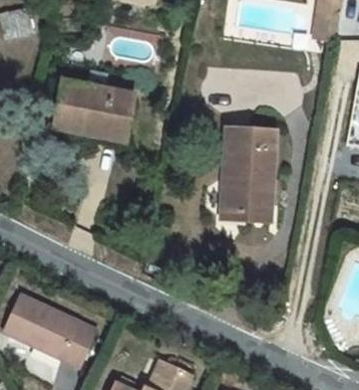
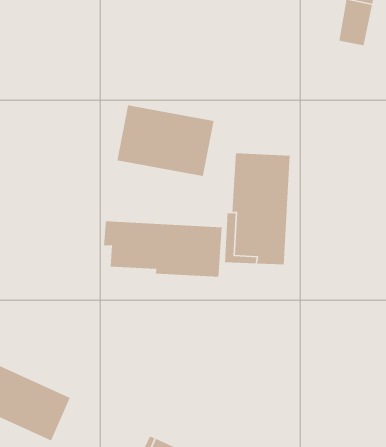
building: [53,80,133,140] -> [117,104,215,177]
building: none -> [103,220,223,277]

